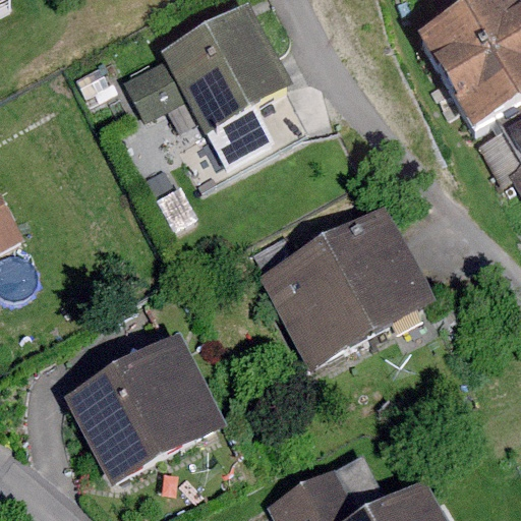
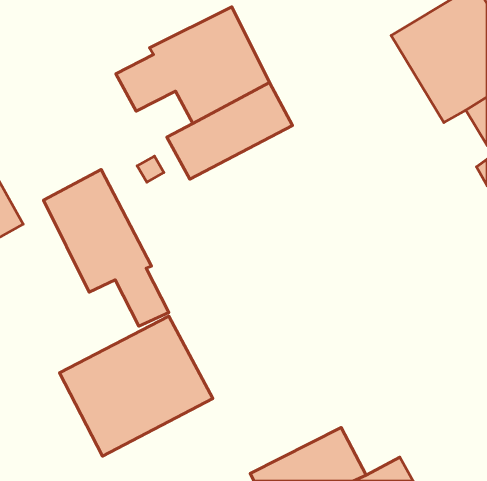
building: none -> [44,170,169,326]
building: [259,207,431,366] -> none

